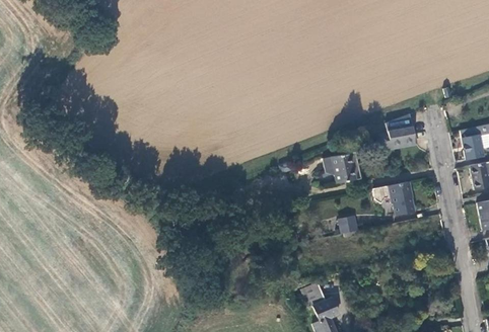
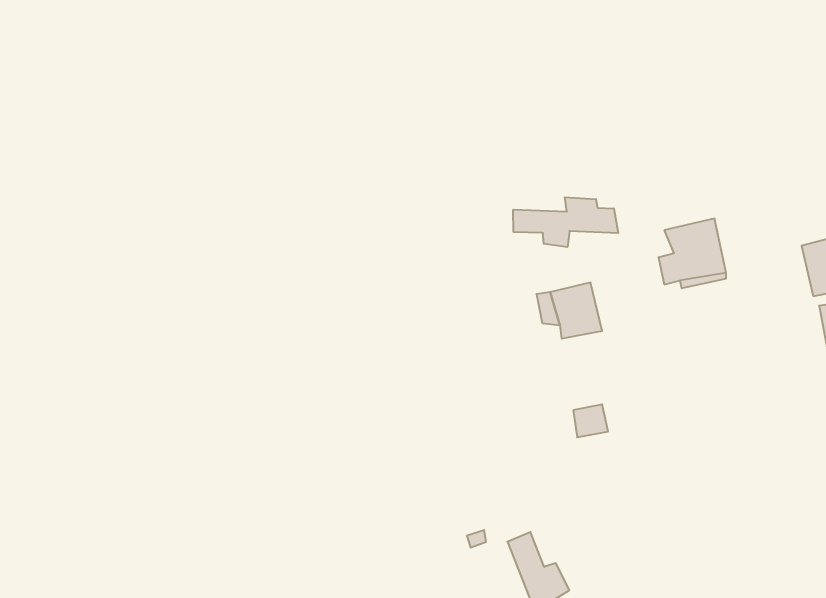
building: none -> [513,197,618,247]
building: [373,180,415,215] -> none

